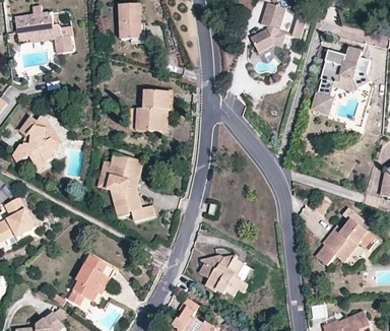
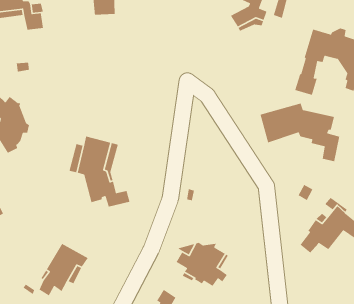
building: [136,89,170,131] -> none
building: none -> [260,102,340,162]

